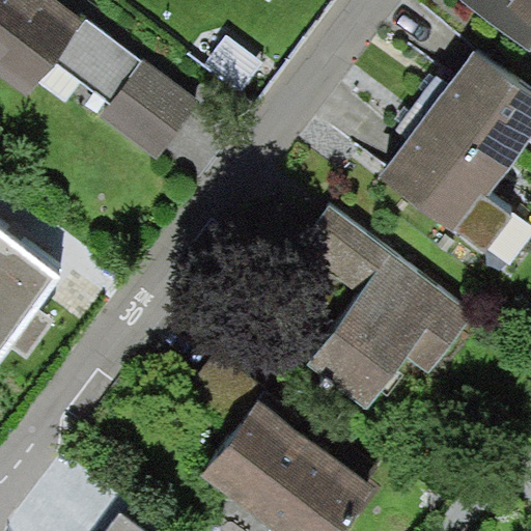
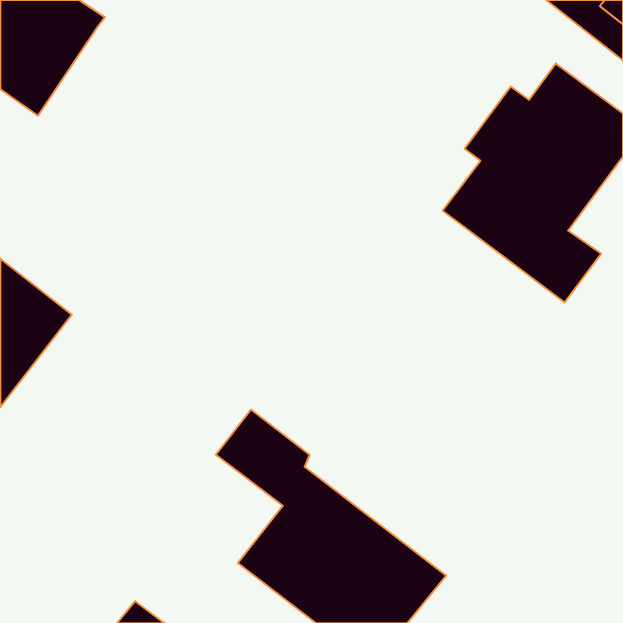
building: [46,23,201,165] -> none
building: [289,200,472,407] -> none

